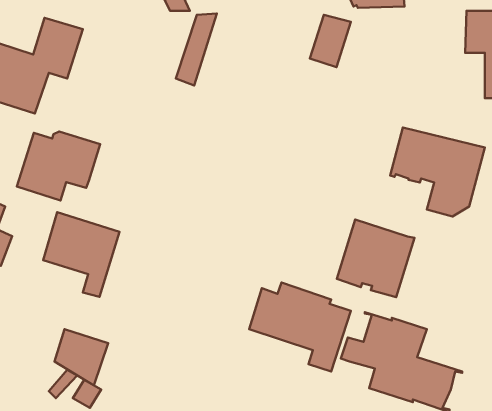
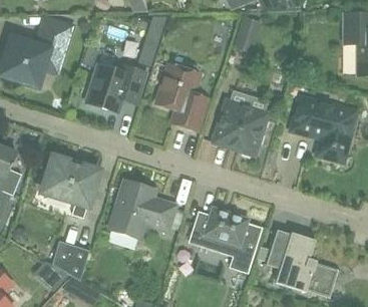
building: none -> [156,63,208,130]
building: [17,131,100,200] -> [86,62,145,111]
building: [337,220,414,297] -> [213,99,268,155]
building: none -> [108,180,175,238]

